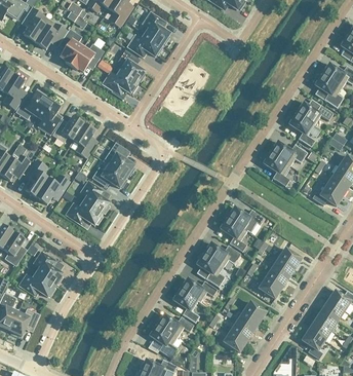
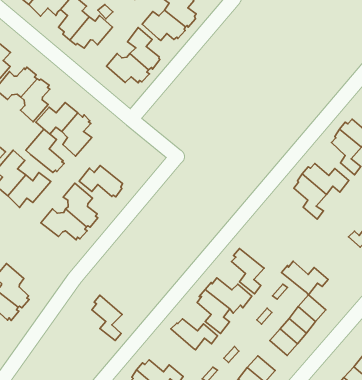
building: [103,142,134,176] -> [26,129,64,172]
building: [226,206,264,232] -> [282,261,328,295]
building: [173,288,199,323] -> [92,295,122,341]

